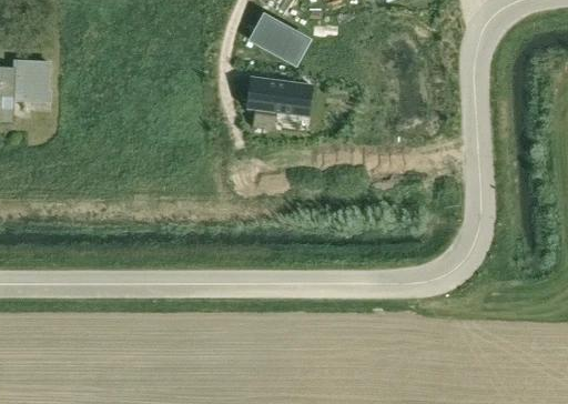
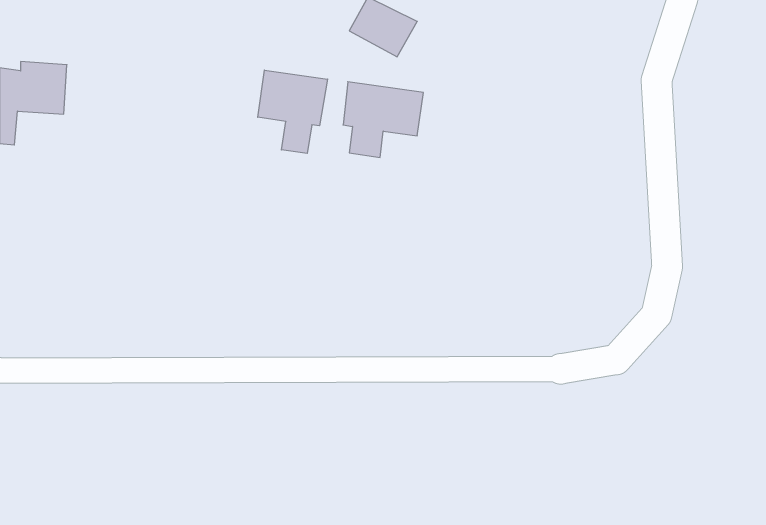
building: none -> [258,70,328,153]

